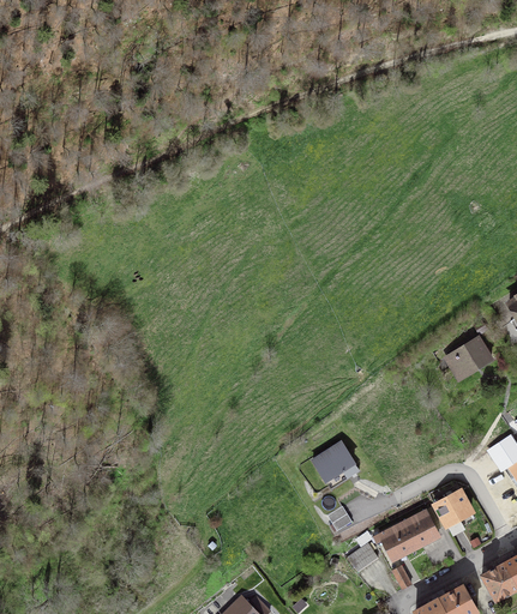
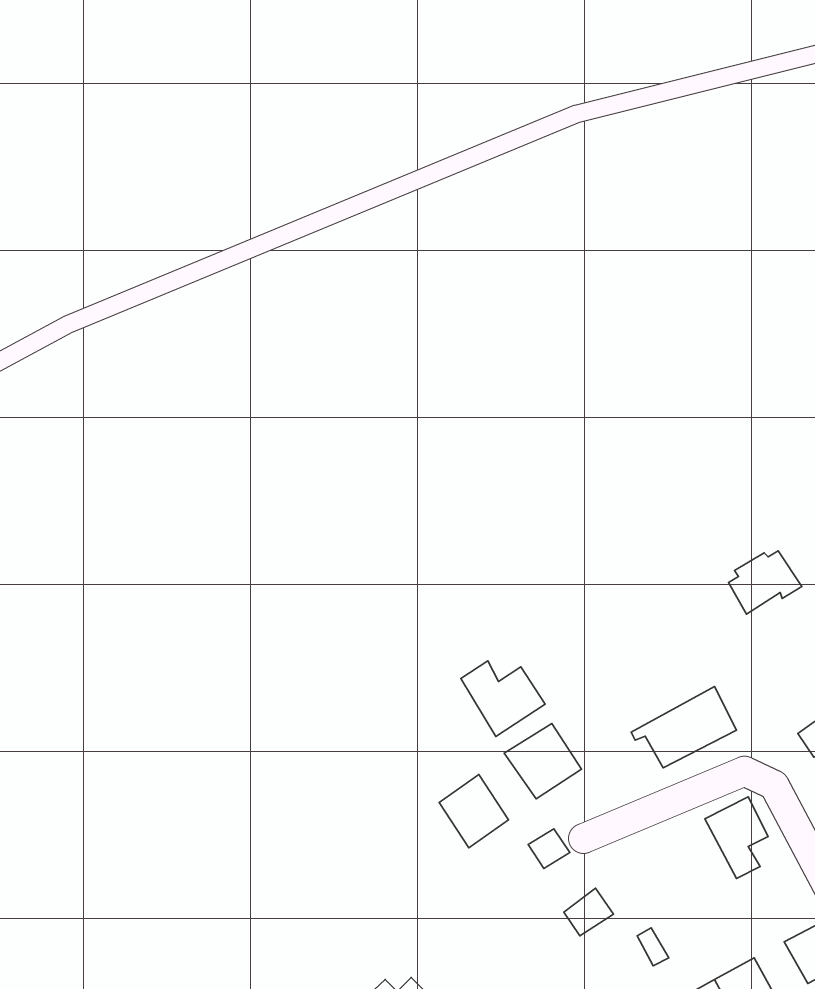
building: none -> [461,661,545,736]
building: none -> [439,774,509,848]
building: [374,510,438,559] -> [631,686,736,768]

